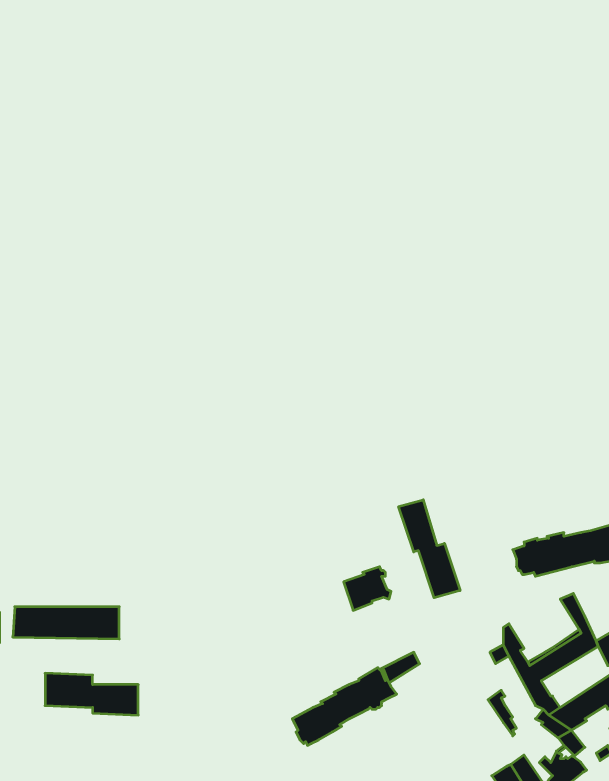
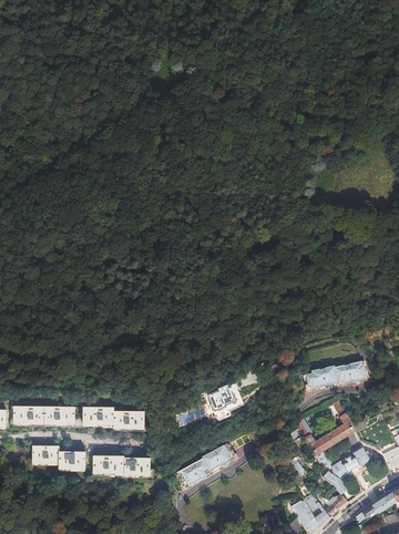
building: [399,500,460,598] -> none
building: none -> [83,407,145,435]
building: none -> [94,455,151,476]

